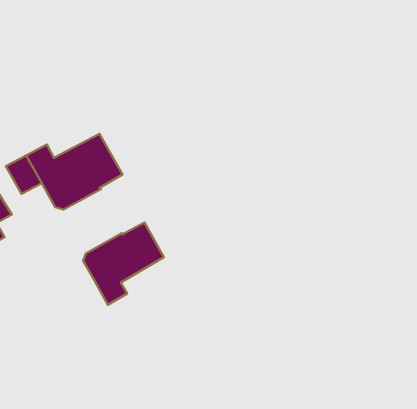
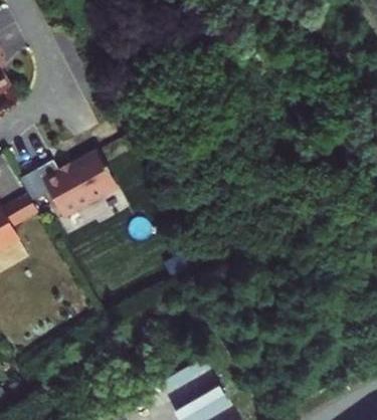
building: [83,222,164,305] -> none

